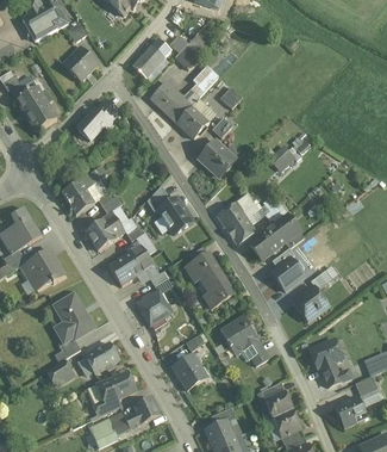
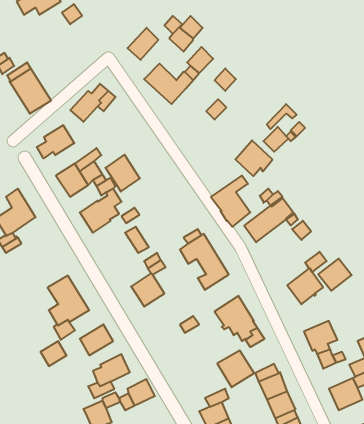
building: [62,45,98,81] -> none
building: [176,106,207,138] -> none
building: [198,140,235,175] -> [235,140,272,176]
building: none -> [37,125,74,158]
building: [157,197,192,234] -> [105,155,140,192]
building: [21,248,65,290] -> none
building: [107,250,143,285] -> none
building: [270,258,304,290] -> [318,259,352,291]
building: [170,353,207,390] -> [217,350,254,387]

